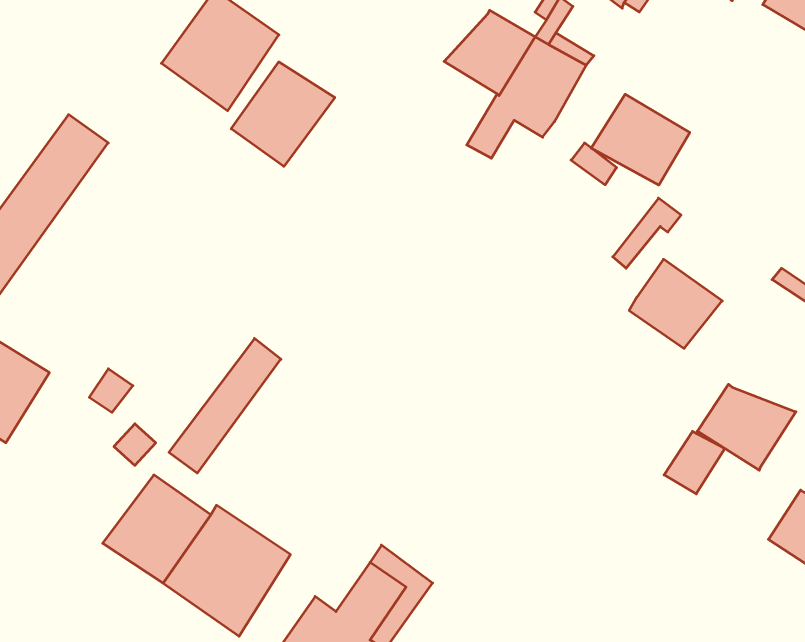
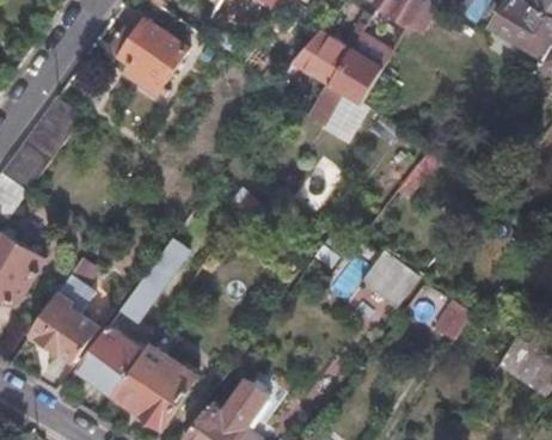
building: [231,62,335,166] -> none
building: [591,94,690,185] -> none
building: [629,259,722,348] -> [361,250,419,306]
building: [697,384,796,470] -> none
building: none -> [30,291,99,362]

